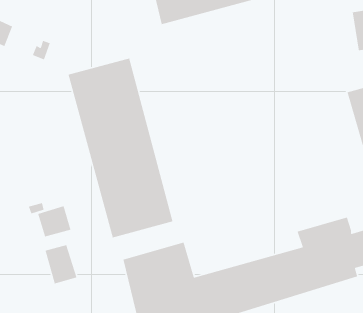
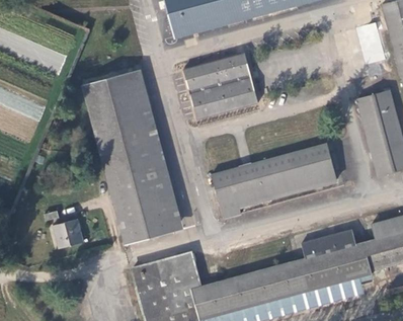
building: none -> [182,54,256,122]
building: none -> [211,141,345,224]
building: [45,244,77,284] -> none

